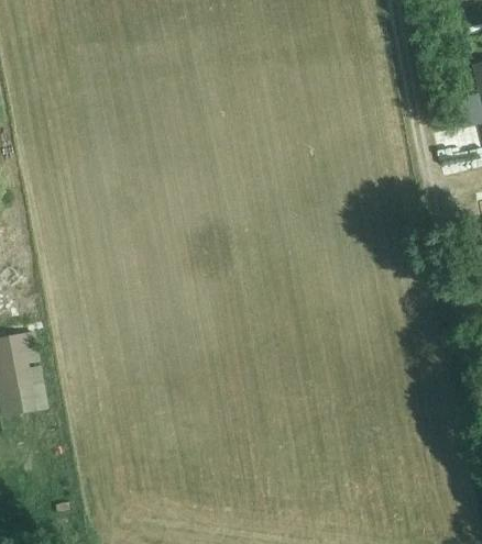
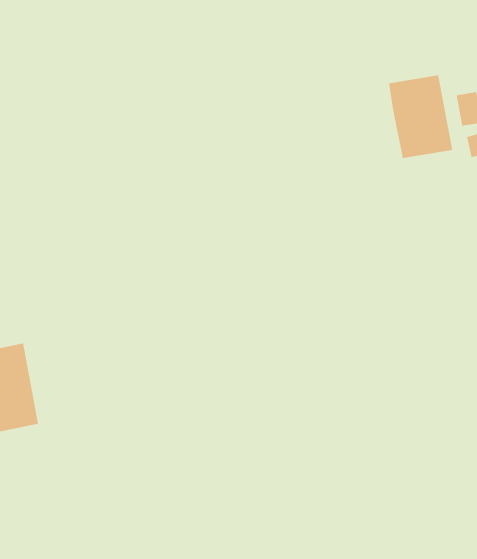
building: none -> [388,74,453,159]

